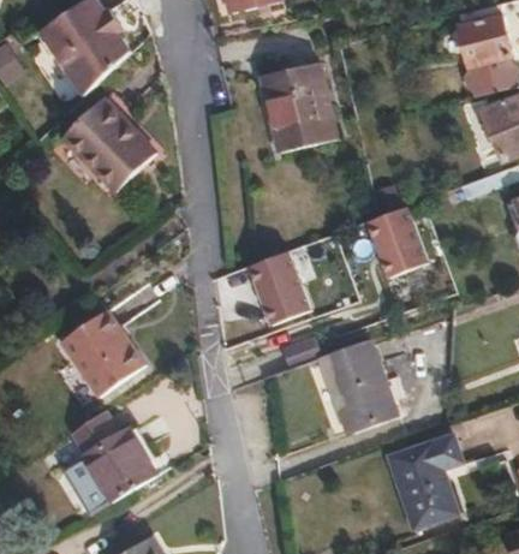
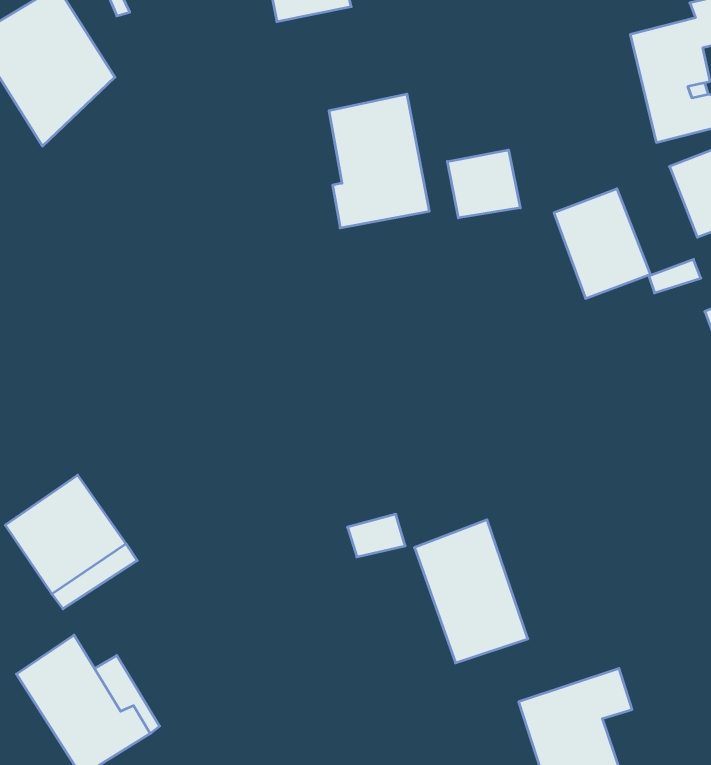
building: [62,89,154,190] -> none
building: none -> [447,150,520,218]
building: [362,205,424,276] -> [554,189,651,298]
building: [243,251,305,324] -> none

